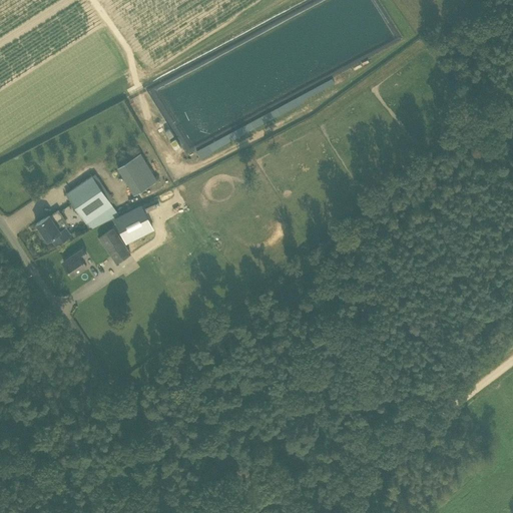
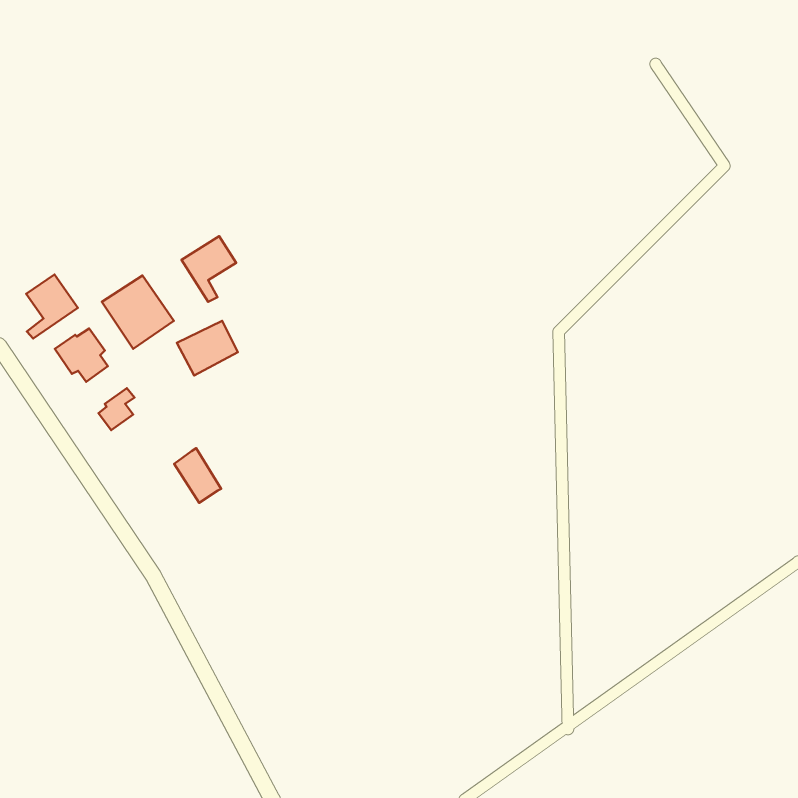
building: none -> [26,275,78,339]
building: [99,228,129,264] -> [174,448,221,503]

